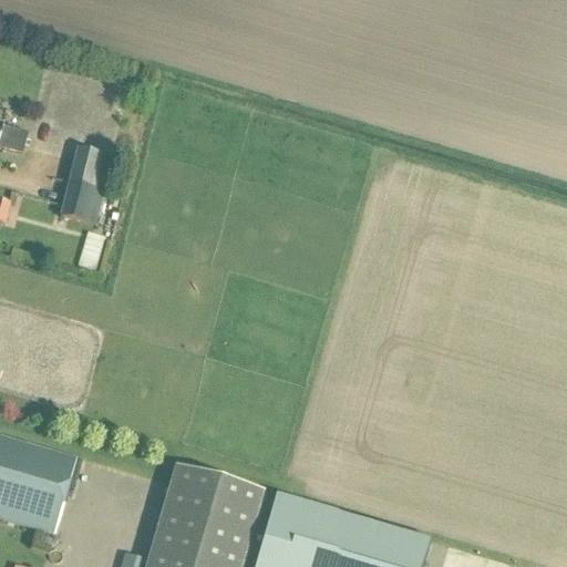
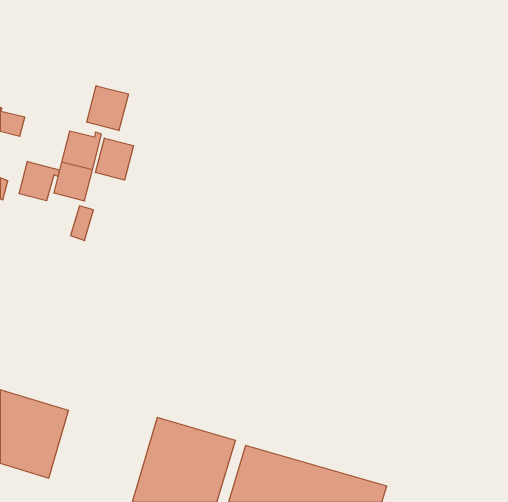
building: none -> [87,86,128,131]
building: none -> [96,138,133,180]
building: none -> [19,161,59,201]

